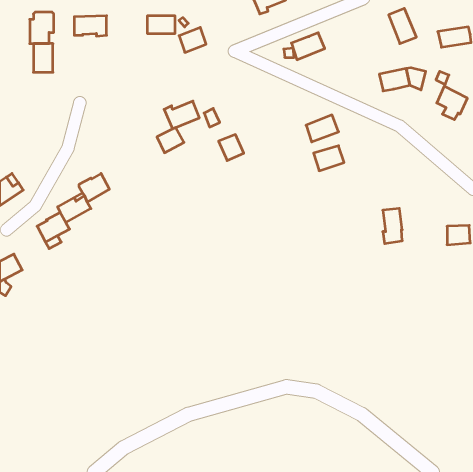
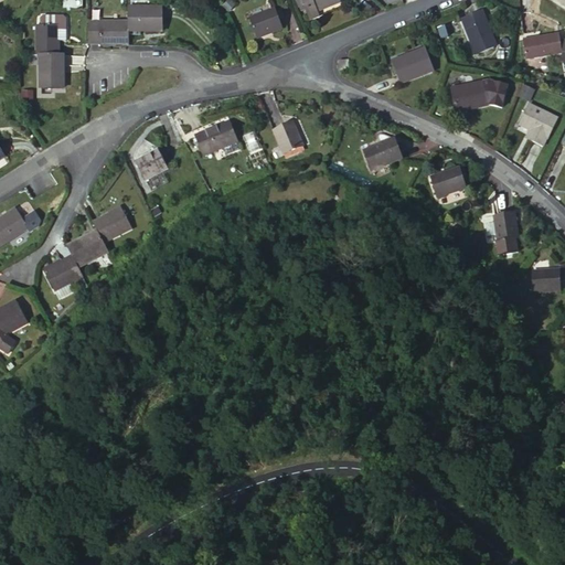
building: [147,16,175,33] -> [128,7,161,28]
building: [179,27,206,52] -> [249,7,281,36]
building: [291,33,325,60] -> [394,50,434,82]
building: [157,128,184,153] -> [136,149,168,179]
building: [219,135,244,161] -> [274,121,303,152]
building: [314,146,344,171] -> [430,167,467,196]
building: [383,208,402,244] -> [494,212,518,254]

